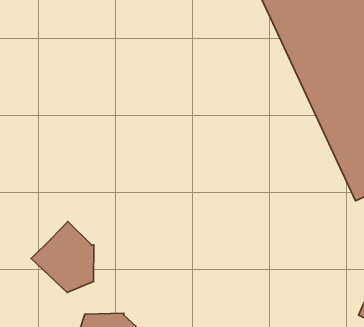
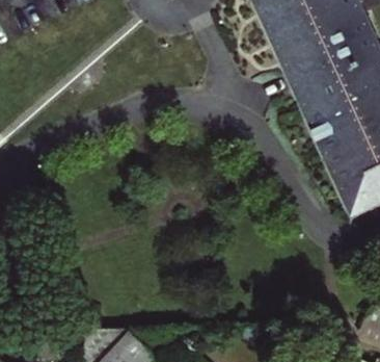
building: [31,222,94,293] -> none

